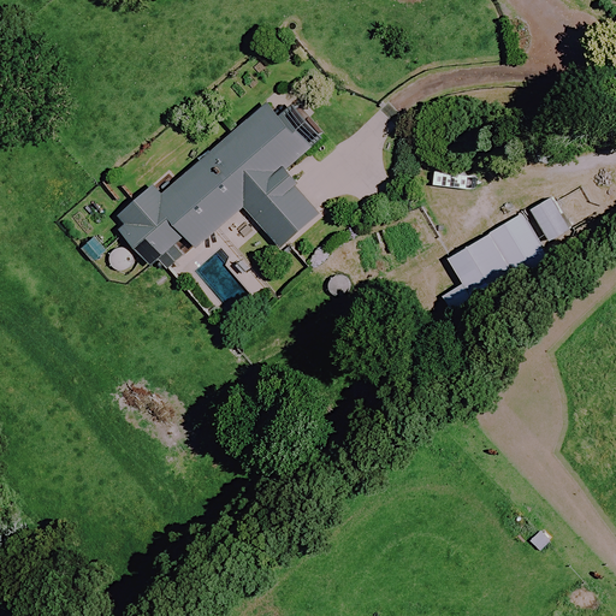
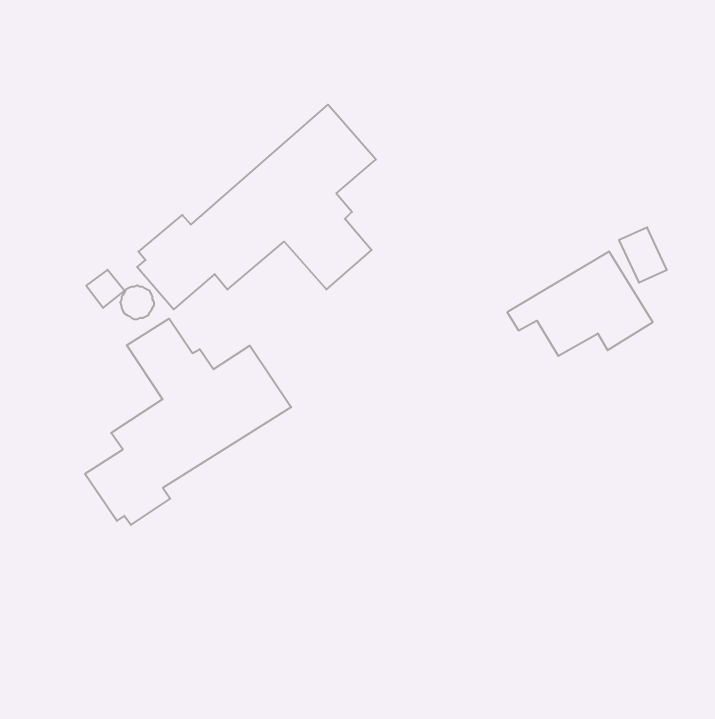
building: none -> [85,319,291,525]

